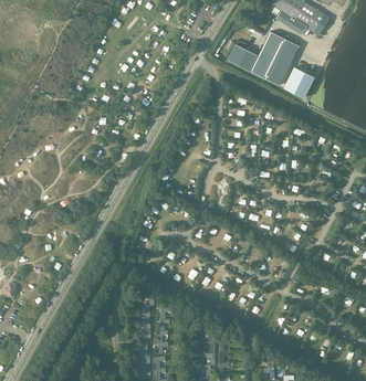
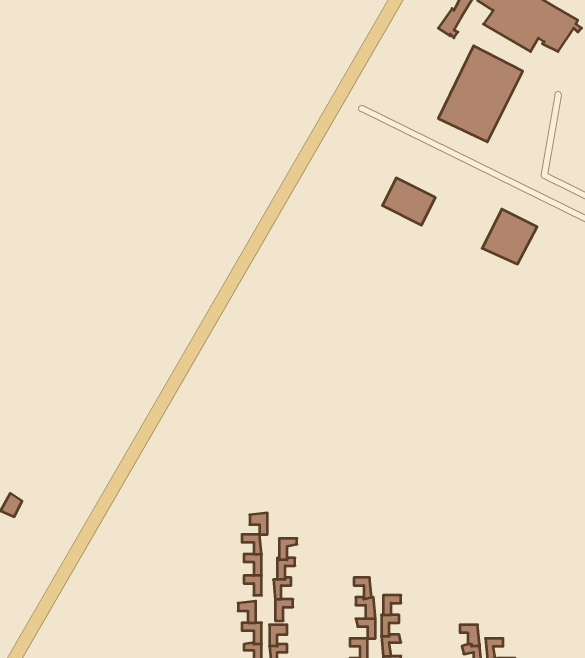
building: [227,44,257,71] -> [382,178,435,225]
building: [283,66,314,97] -> [482,209,537,264]

